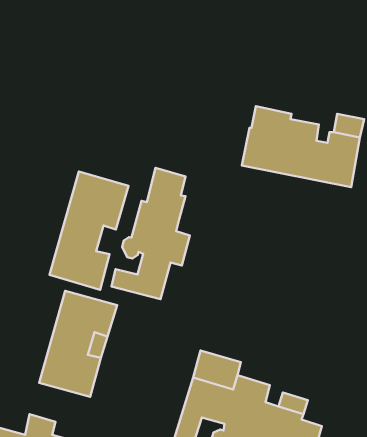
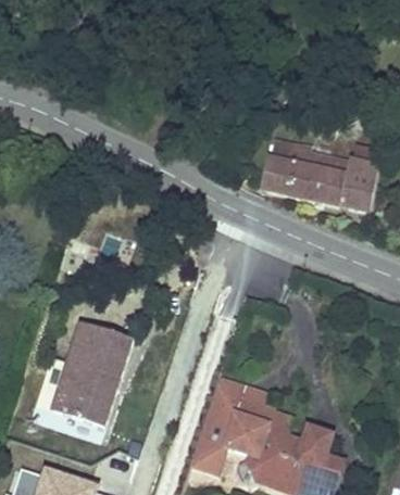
building: [111,168,190,299] -> none
building: [50,171,129,290] -> none

